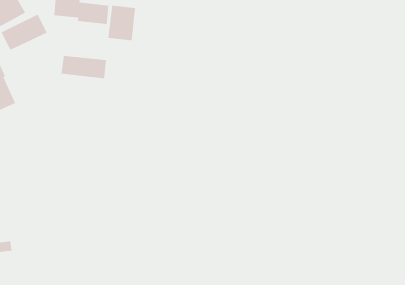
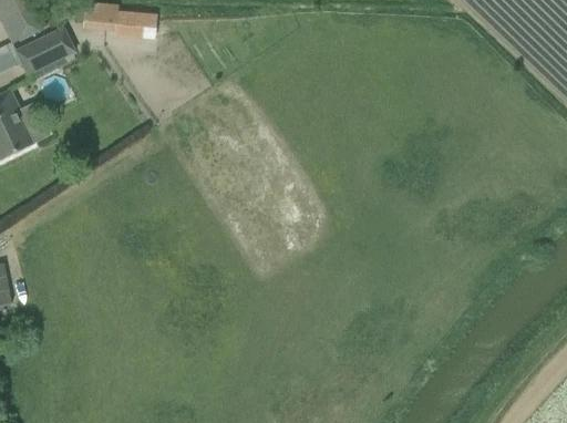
building: [108,5,135,41] -> none
building: [61,55,106,79] -> none

